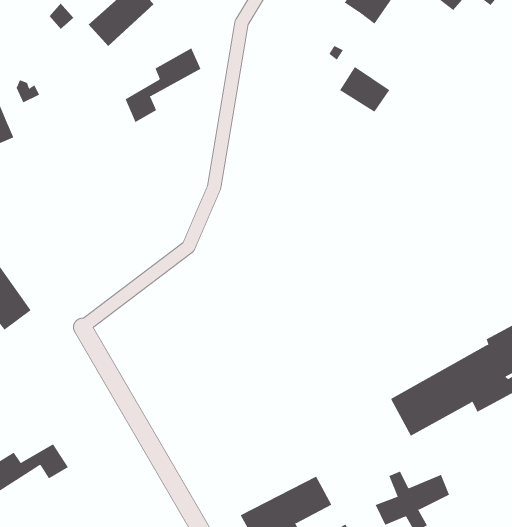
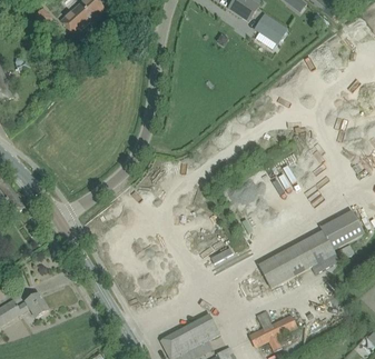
building: [125,47,201,123] -> none
building: [339,66,390,112] -> [254,12,287,42]

